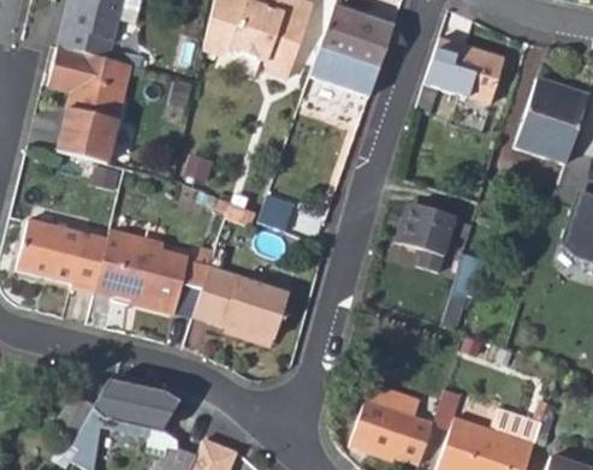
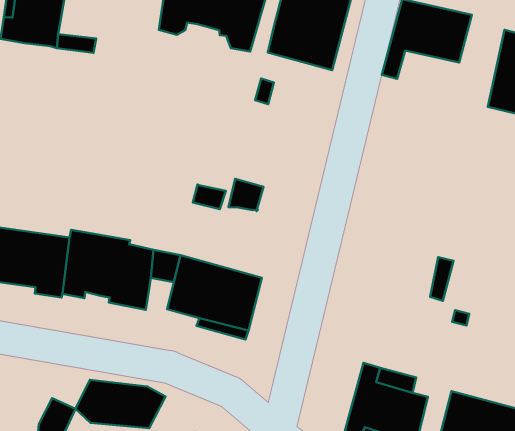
building: [52,52,118,165] -> none
building: [403,202,458,270] -> none

